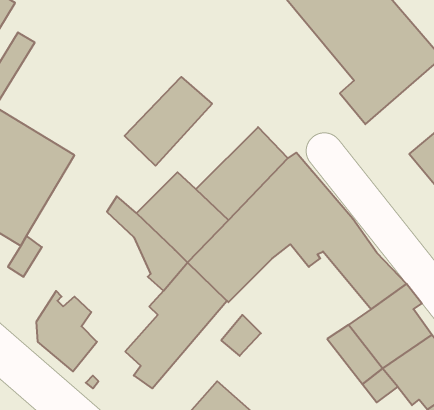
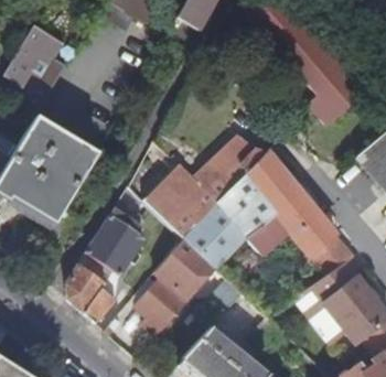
building: [125,77,212,166] -> none
building: none -> [88,209,146,274]

